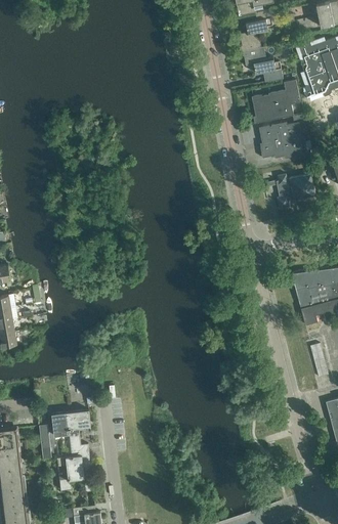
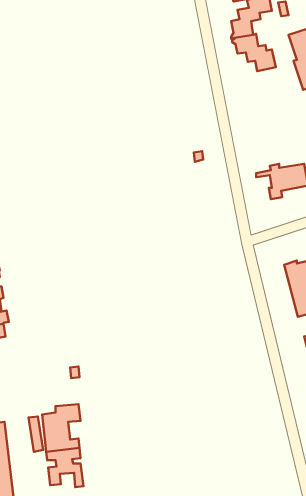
building: [251,80,299,123] -> none
building: [258,122,307,160] -> none

